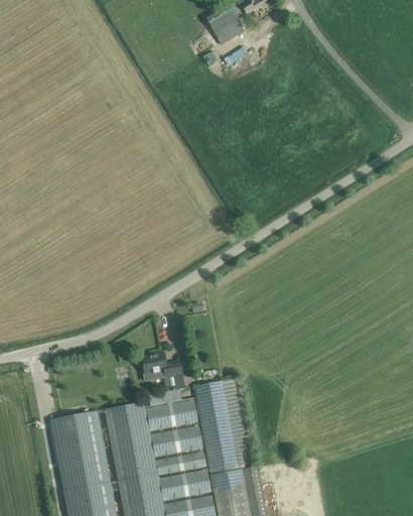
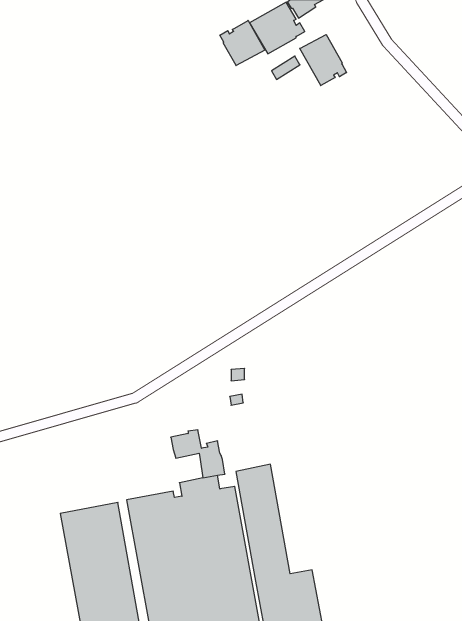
building: none -> [220,20,265,66]
building: none -> [300,35,347,86]

